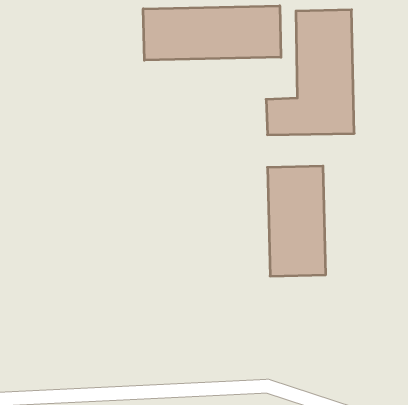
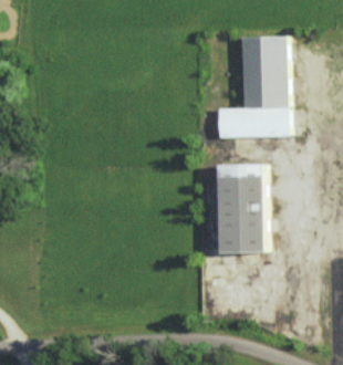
building: [143,6,281,60] -> none

